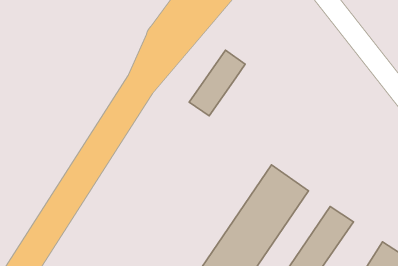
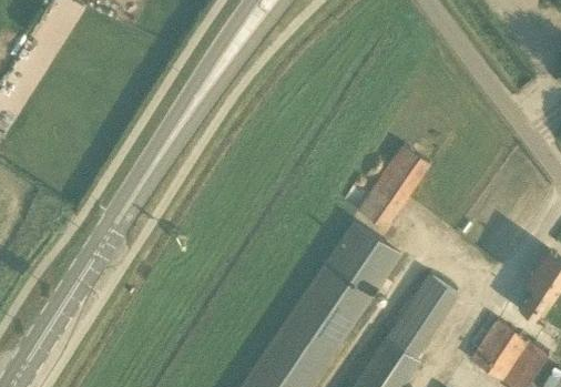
building: [189,50,245,116] -> [357,146,429,231]

